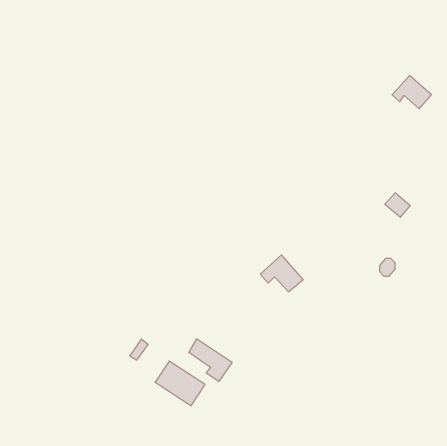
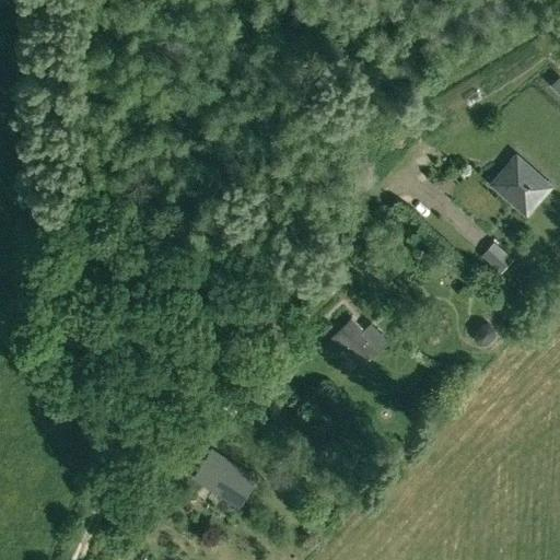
building: [392,75,431,109] -> [493,162,542,203]
building: [189,339,232,382] -> none

